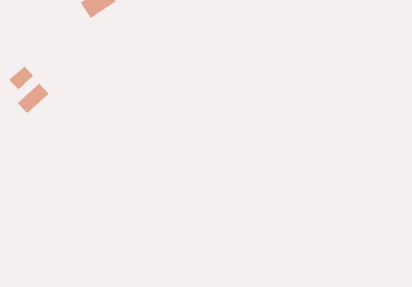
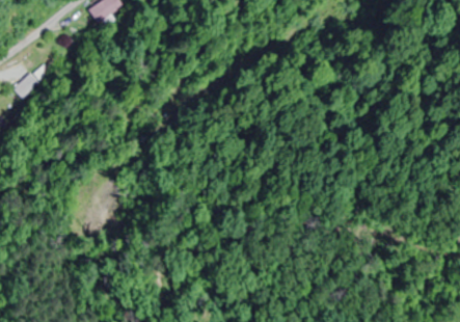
building: [17,83,50,114] -> none

